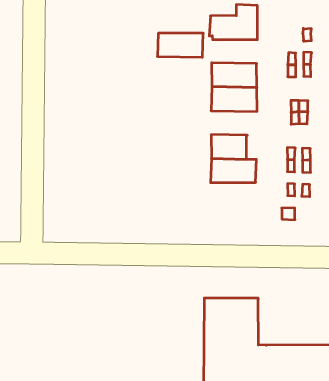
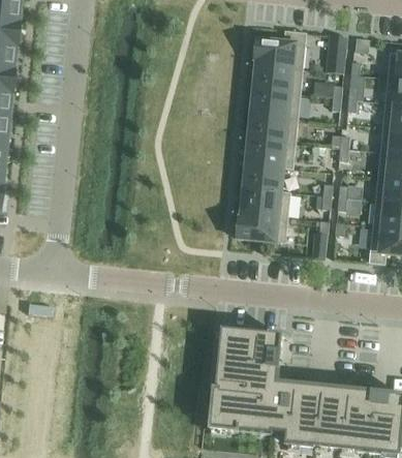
building: none -> [326,32,347,71]
building: [157,33,203,57] -> [254,62,304,91]
building: none -> [247,135,297,166]
building: none -> [237,210,288,241]

